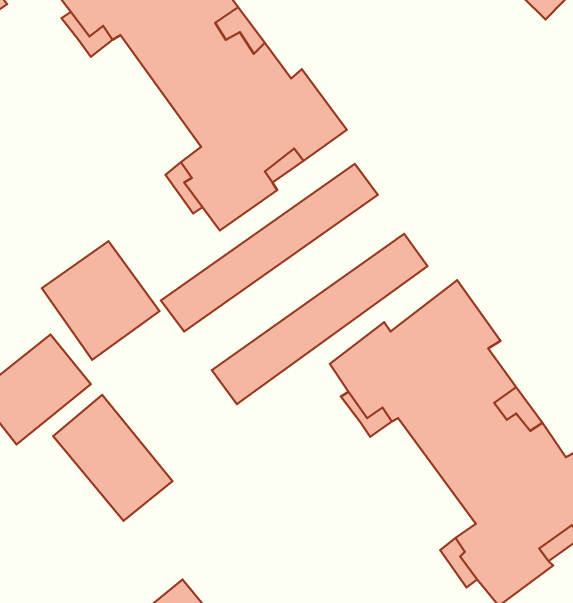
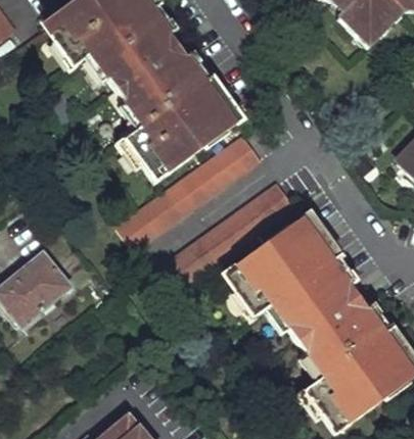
building: [42,241,160,360] -> none
building: [53,395,173,521] -> none

